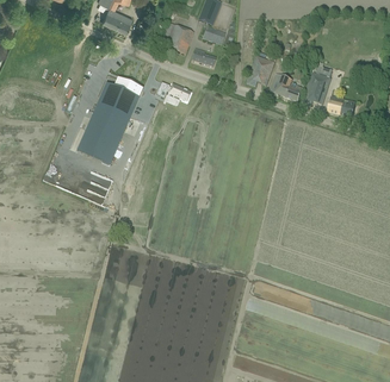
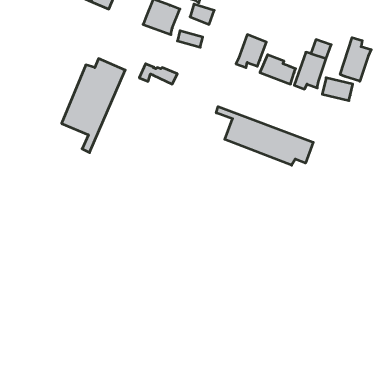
building: none -> [340,38,371,81]
building: none -> [216,107,313,165]

